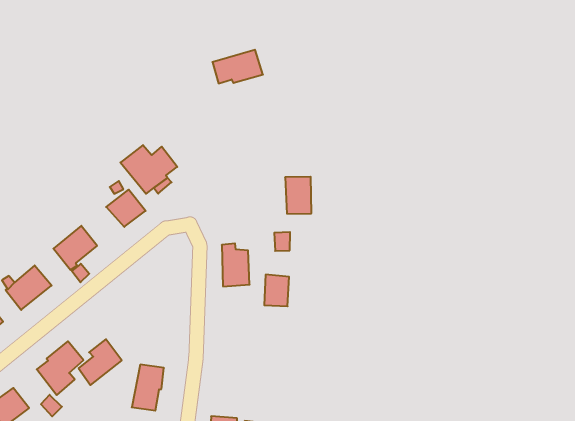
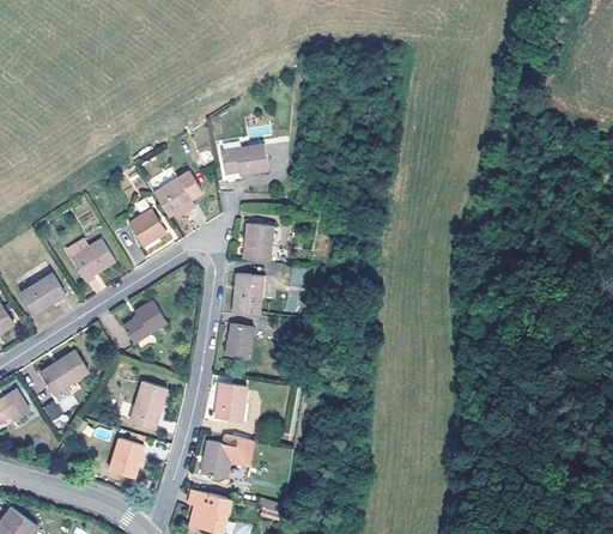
building: [212,50,263,83] -> [221,144,269,174]
building: [285,177,311,214] -> [245,223,273,261]
building: [264,275,289,306] -> [226,324,254,358]
building: [79,339,122,385] -> [123,301,166,344]
building: none -> [216,383,247,421]

